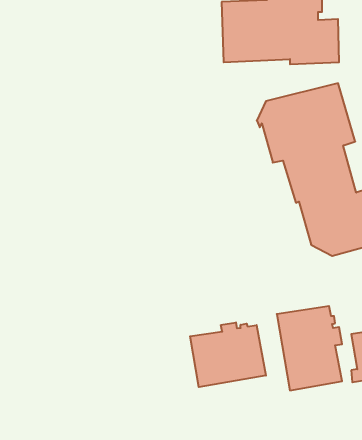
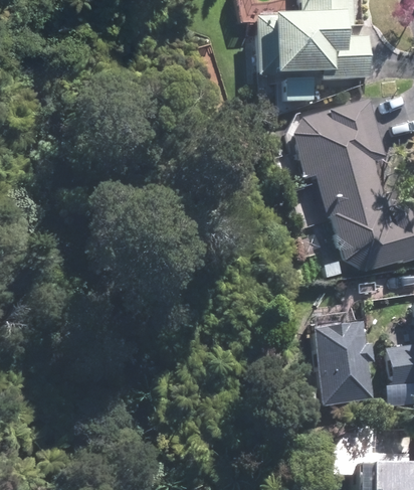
building: [190,322,266,387] -> none

